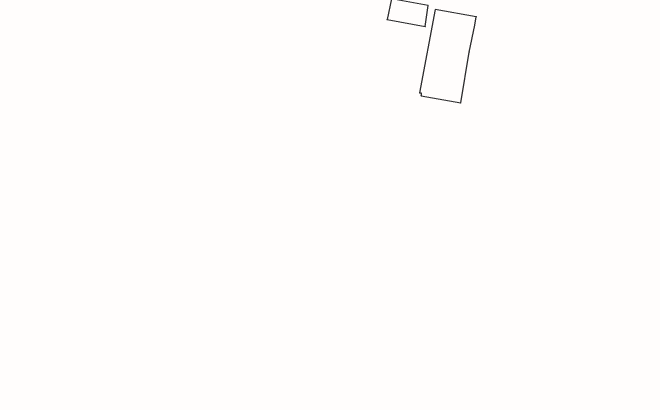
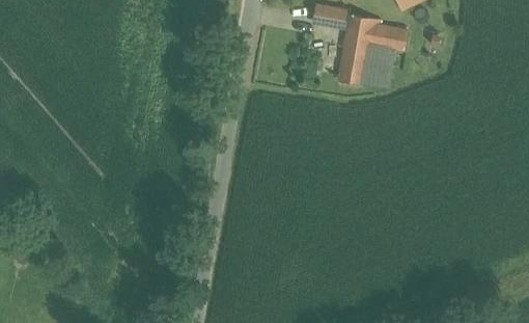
building: none -> [373,26,406,51]

